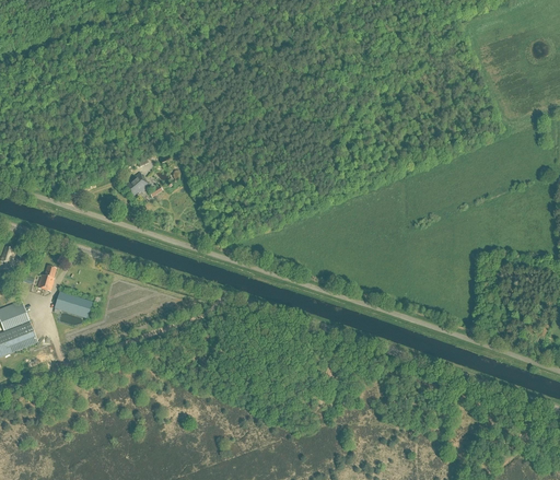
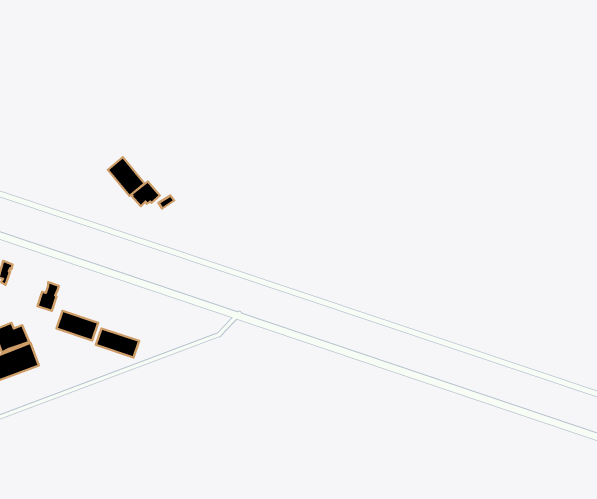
building: none -> [108,157,145,196]
building: none -> [96,328,139,357]

